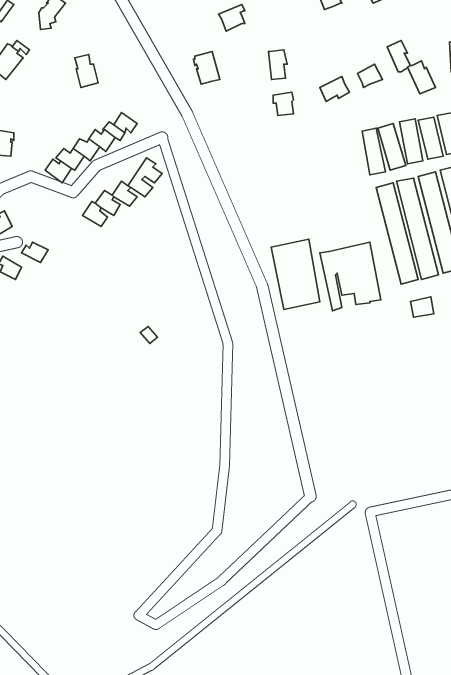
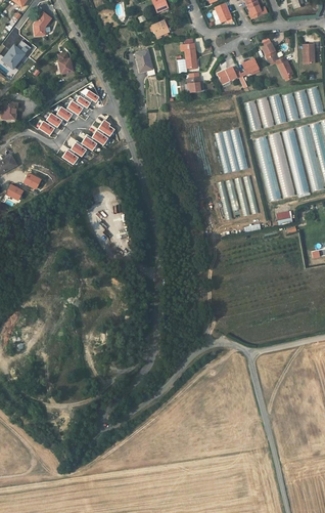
building: [271,239,320,310] -> [215,128,246,174]

